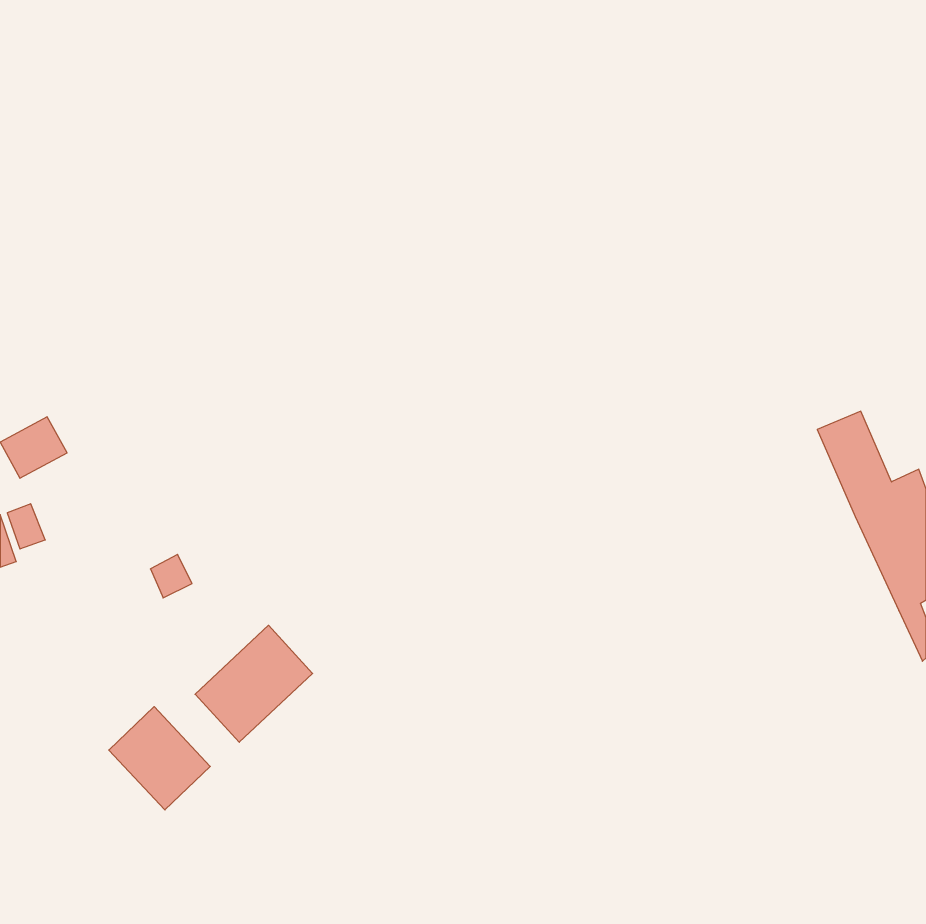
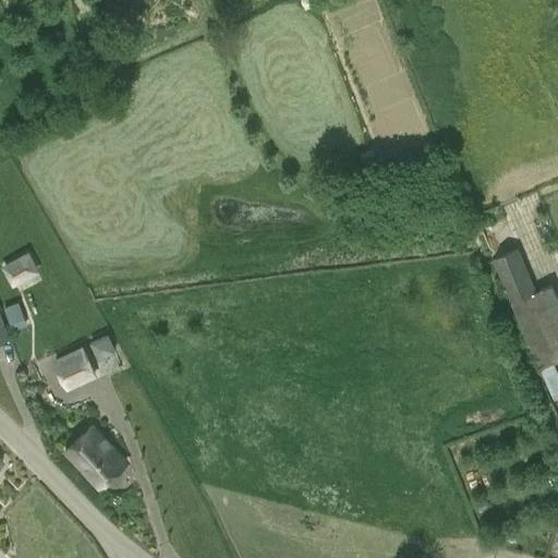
building: none -> [53,349,96,391]
building: [195,625,313,742] -> none

